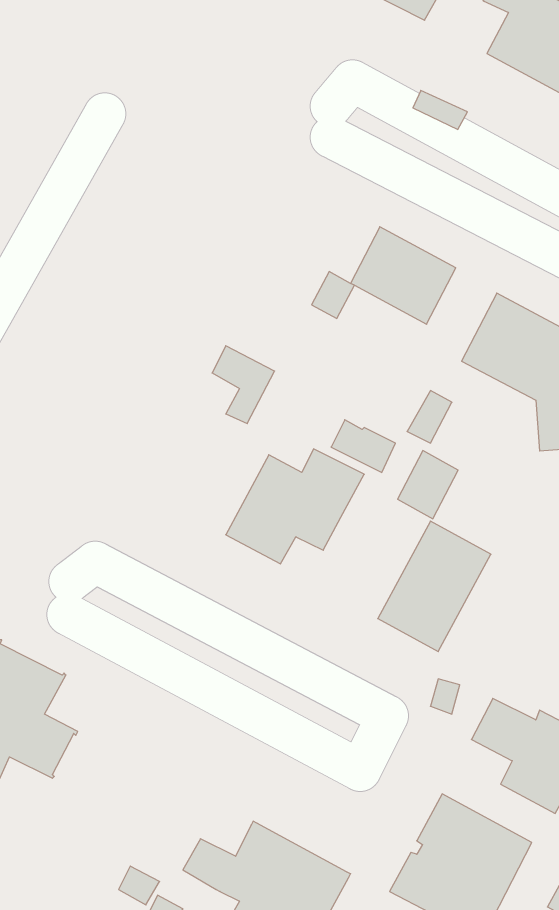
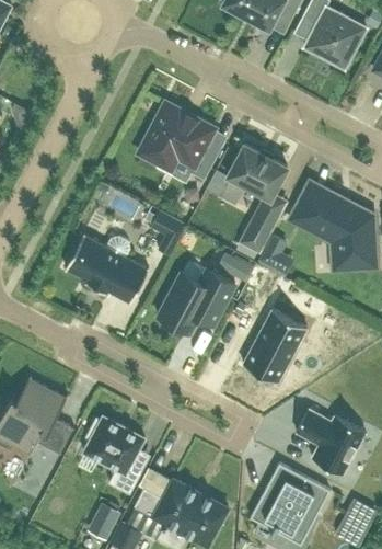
building: none -> [138,103,215,181]
building: none -> [65,235,149,304]
building: [398,451,458,519] -> [240,215,274,253]
building: none -> [77,416,144,494]

